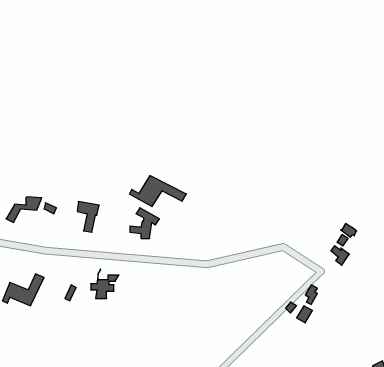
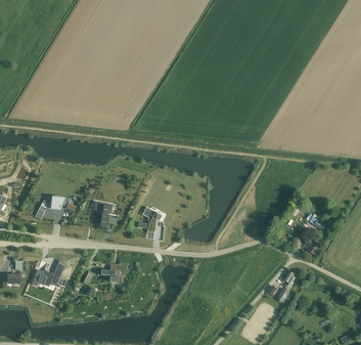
building: [130,176,186,207] -> none

